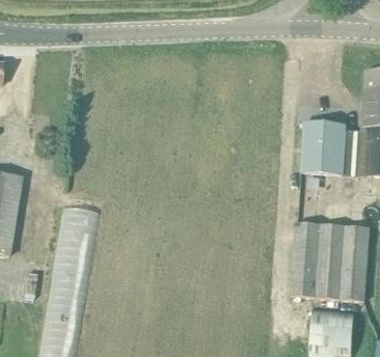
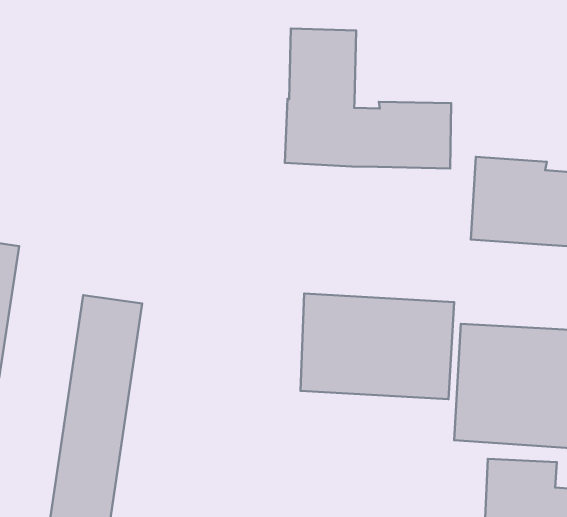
building: none -> [285,28,451,168]
building: none -> [301,294,454,399]

